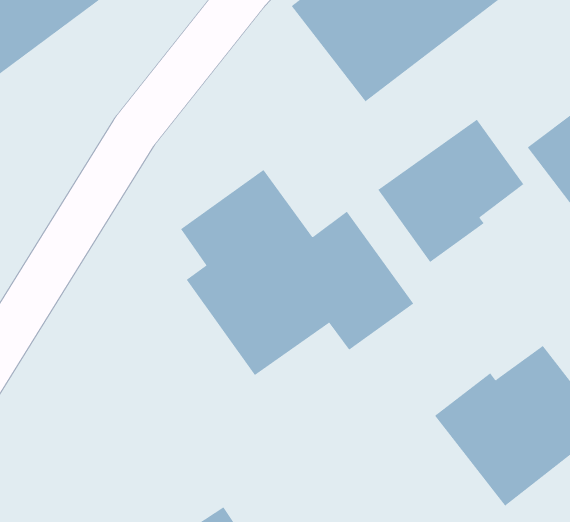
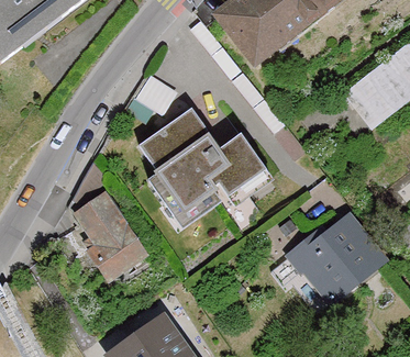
building: [378,119,524,263] -> none
building: none -> [75,192,146,277]

